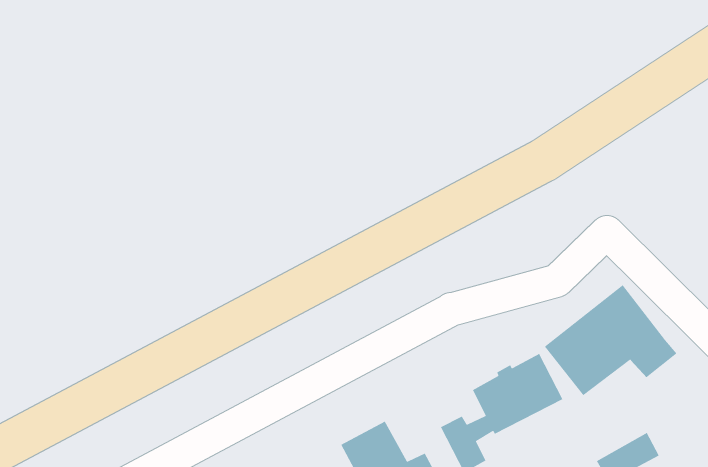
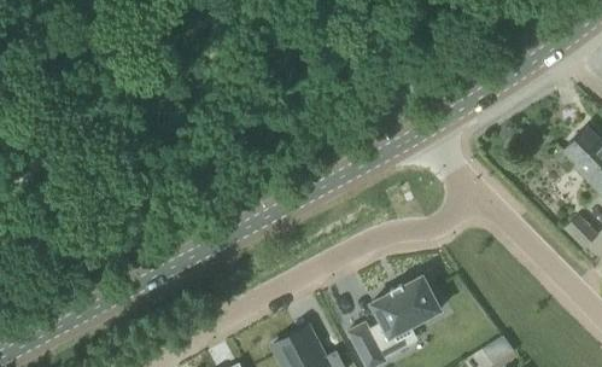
building: [544,284,677,396] -> none

